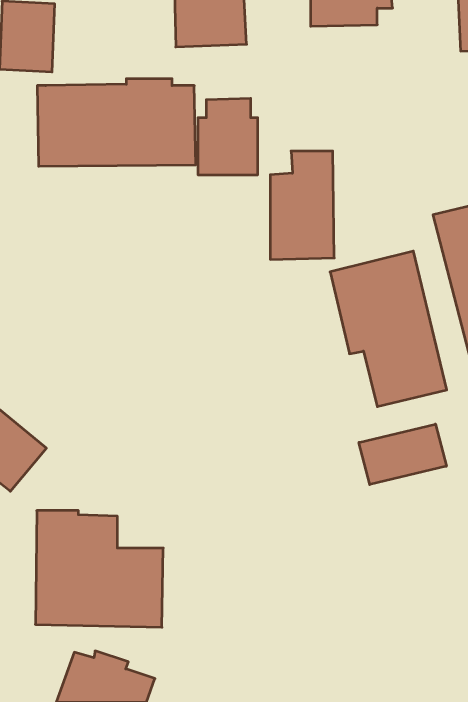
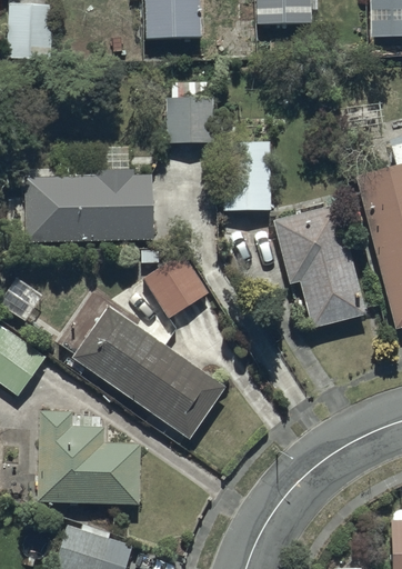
building: [37,79,196,166] -> [24,170,151,240]
building: none -> [143,251,211,319]
building: none -> [69,306,223,440]
building: [359,424,446,485] -> none

